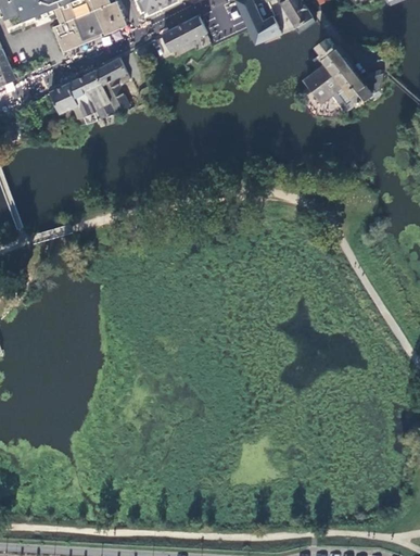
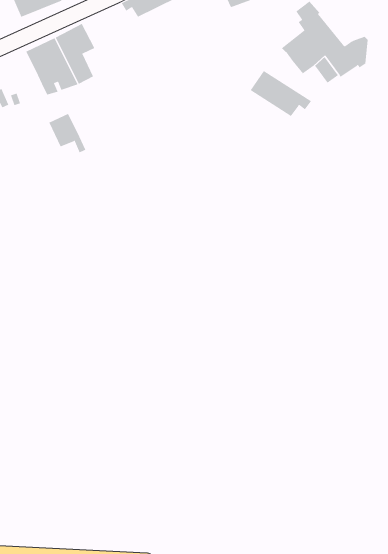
building: [48,83,82,119] -> [48,113,86,153]
building: none -> [250,70,312,117]

